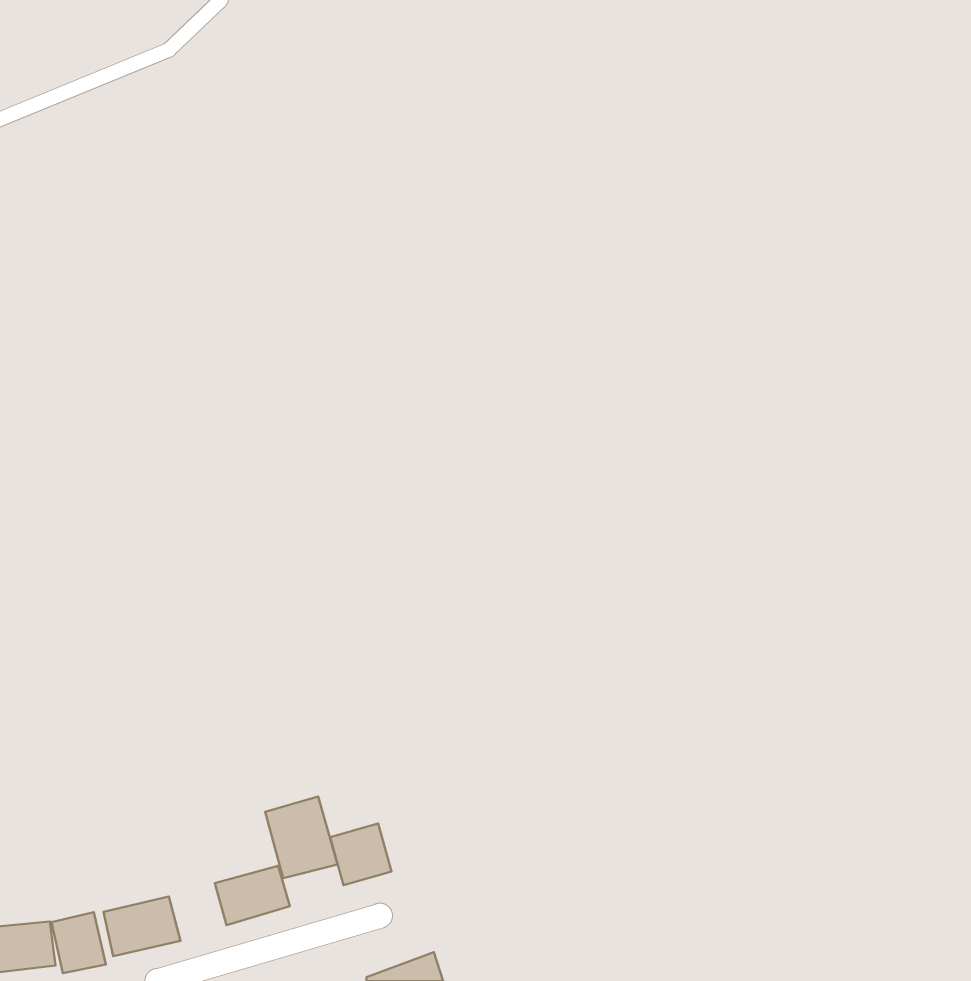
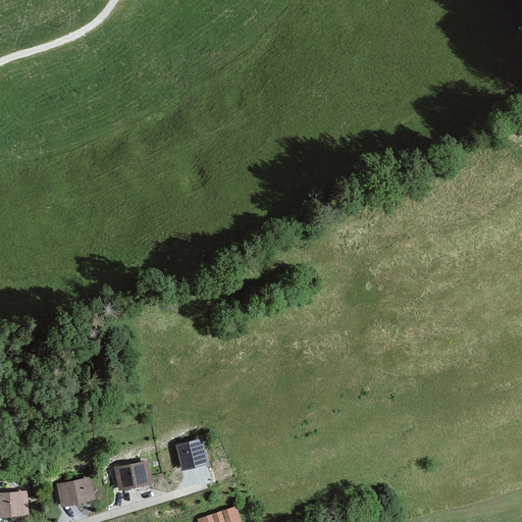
building: [265,796,337,878] -> none
building: [52,912,106,973] -> none

